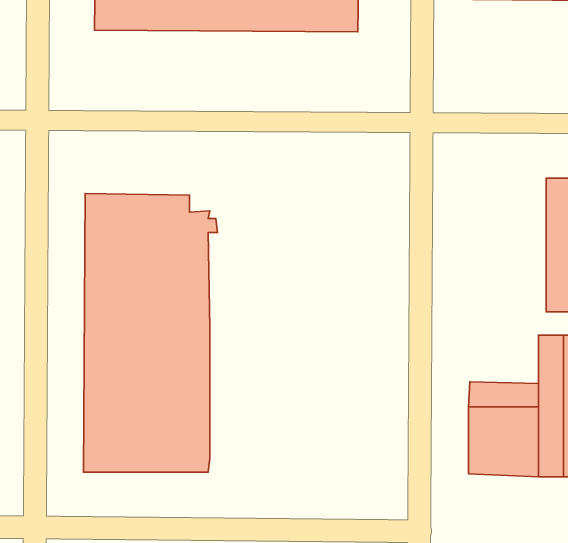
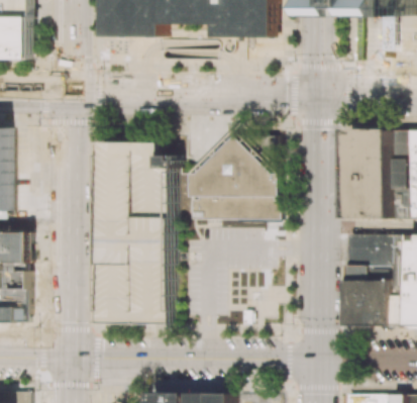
building: none -> [185,128,277,220]
building: none -> [346,131,392,219]
building: none -> [342,232,387,265]

